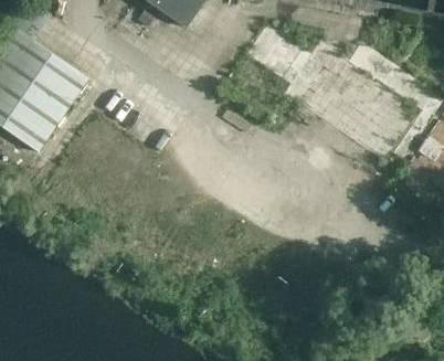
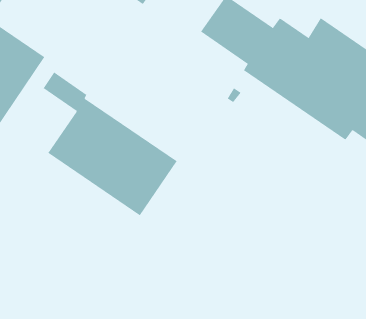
building: none -> [43,71,177,216]

